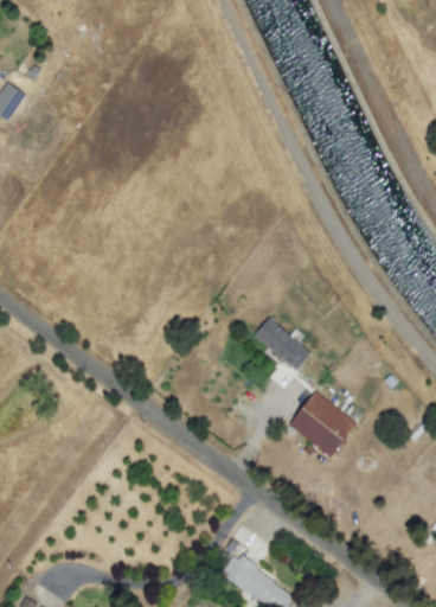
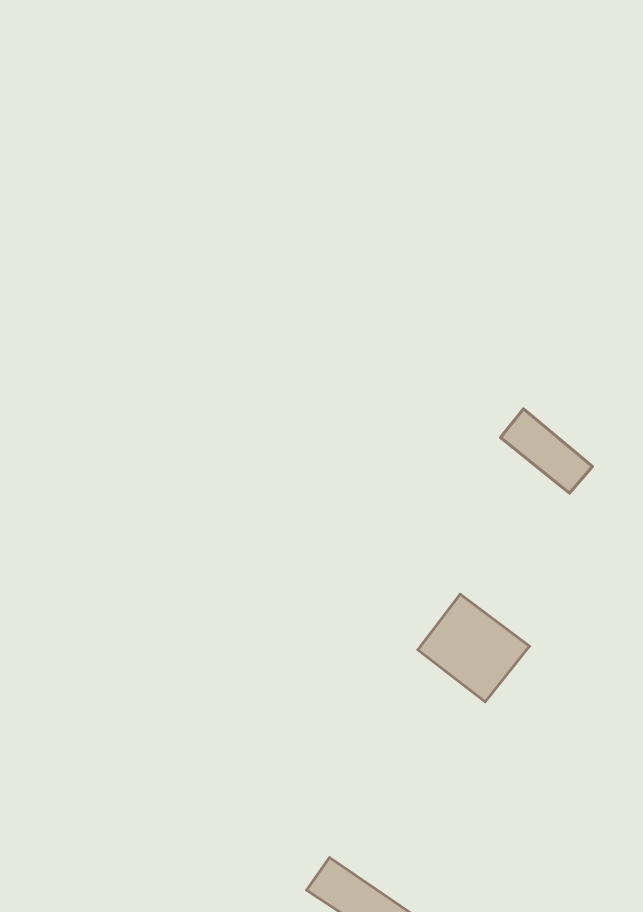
building: [255,318,312,370] -> [500,409,593,493]

